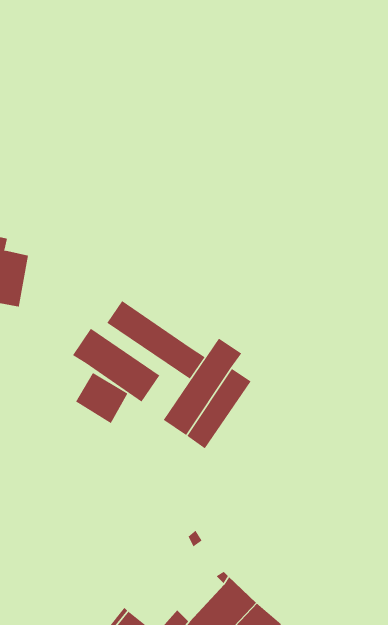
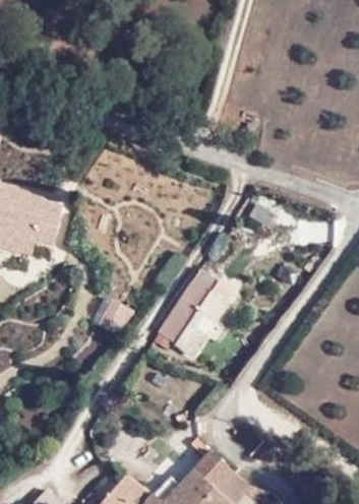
building: [107,300,206,379] -> none
building: [72,328,160,403] -> none

